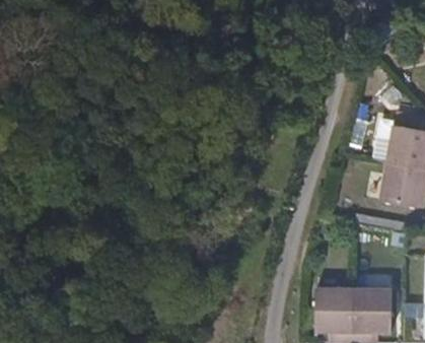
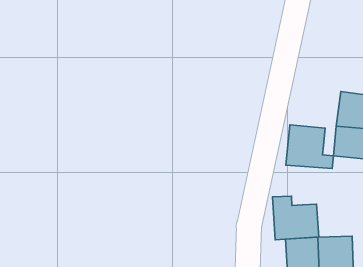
building: none -> [286,125,333,169]
building: none -> [273,196,319,240]

